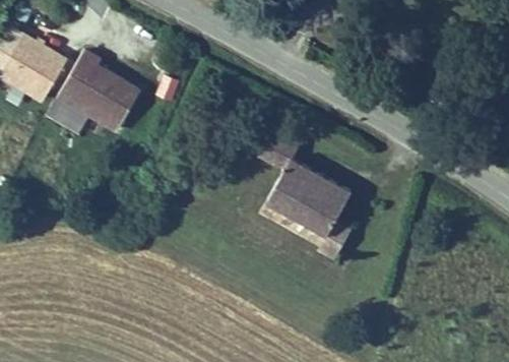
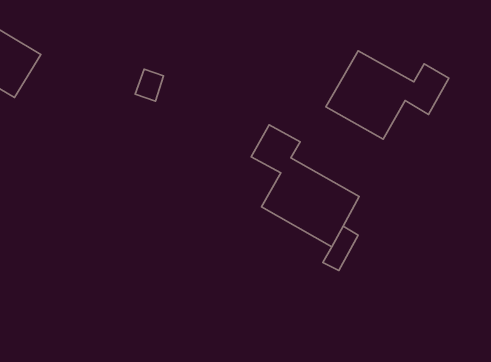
building: [55,56,138,137] -> none
building: none -> [326,51,449,139]

